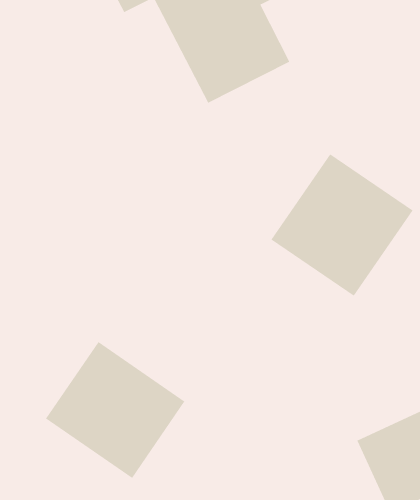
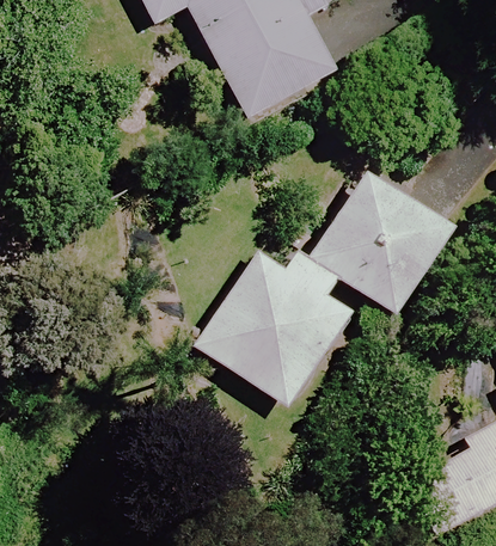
building: none -> [195,246,356,406]
building: [45,341,185,479] -> none

